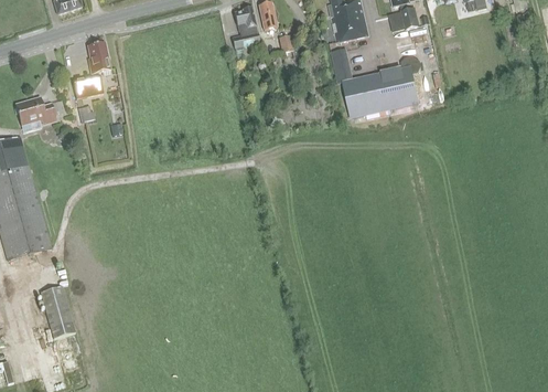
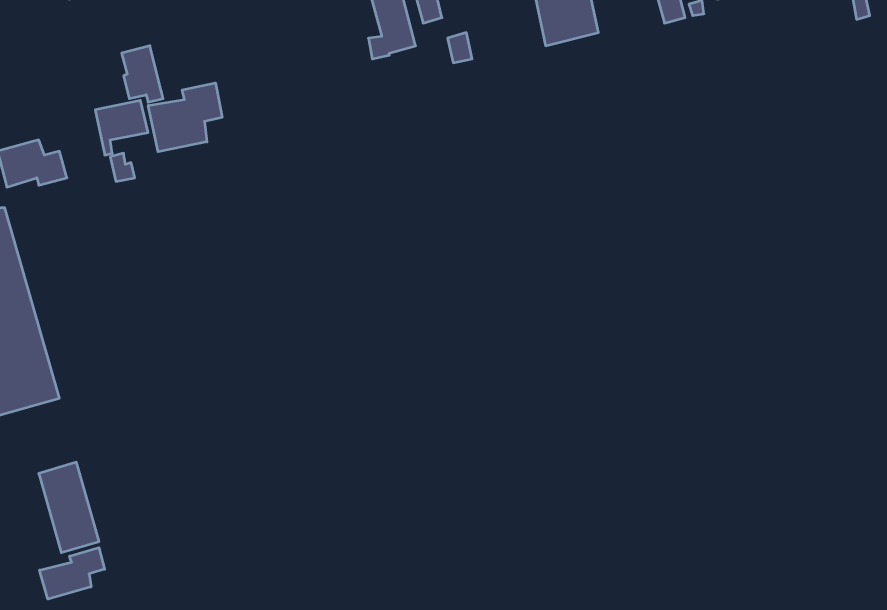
building: [329,47,419,117] -> none
building: none -> [148,83,222,152]
building: none -> [40,548,105,599]

